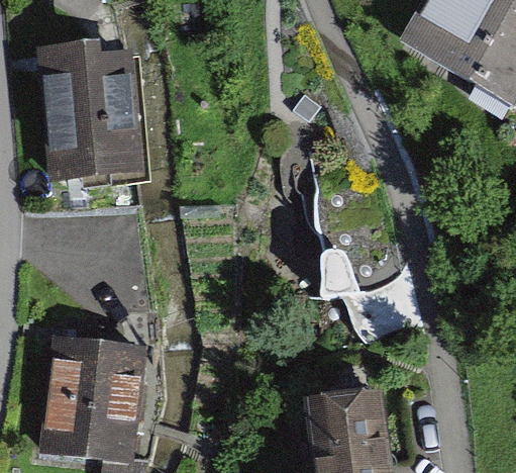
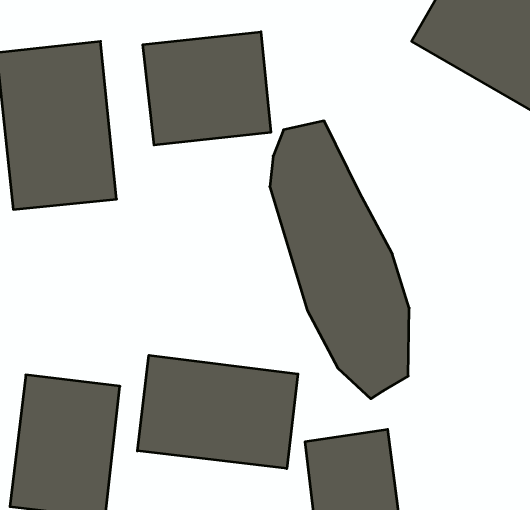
building: none -> [143,32,271,145]
building: none -> [137,355,298,469]

